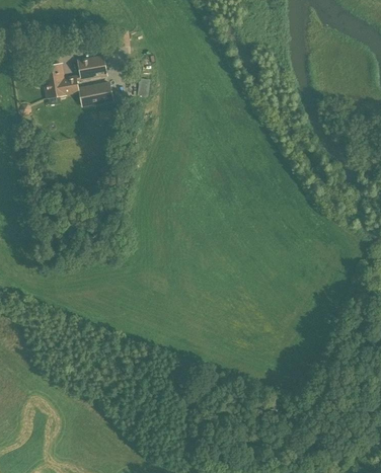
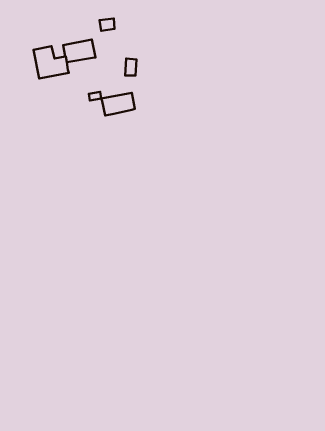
building: [78,82,113,106] -> [101,93,135,116]

